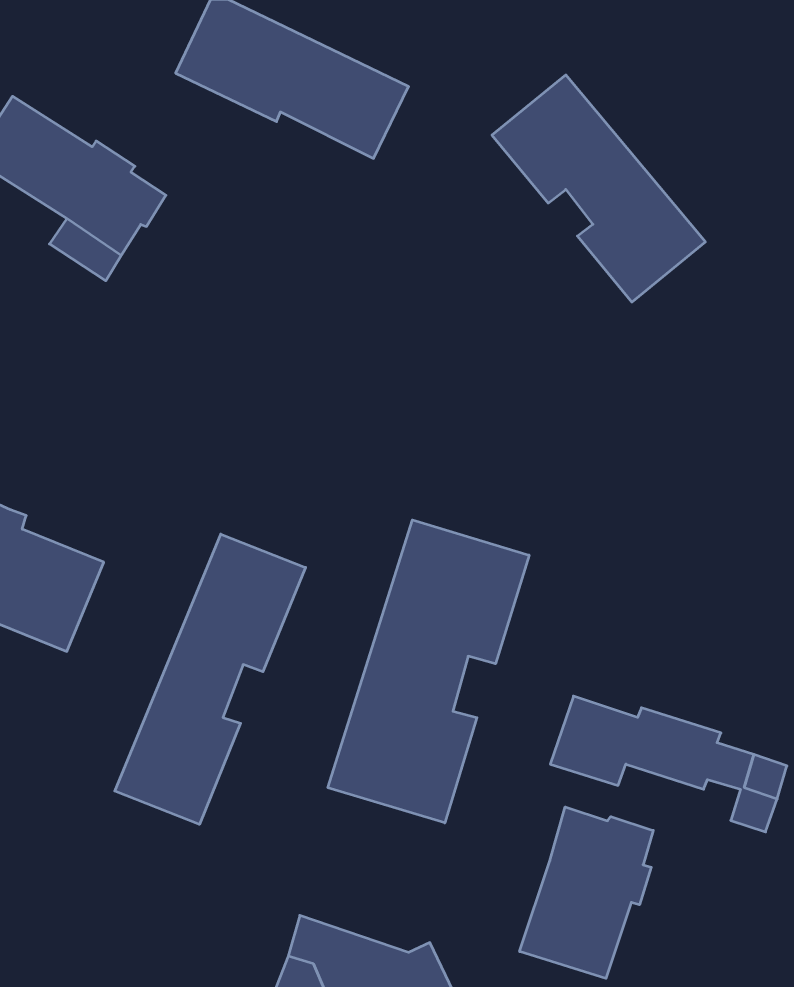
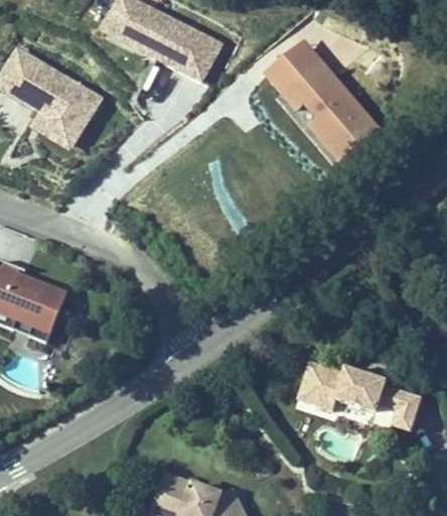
building: [328,520,529,823] -> none
building: [115,534,306,824] -> none
building: [520,807,653,978] -> none

